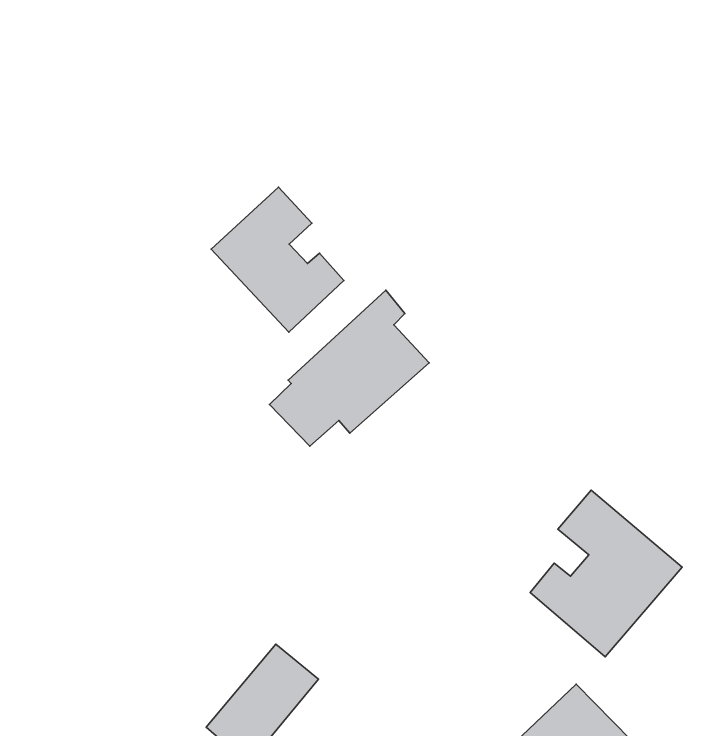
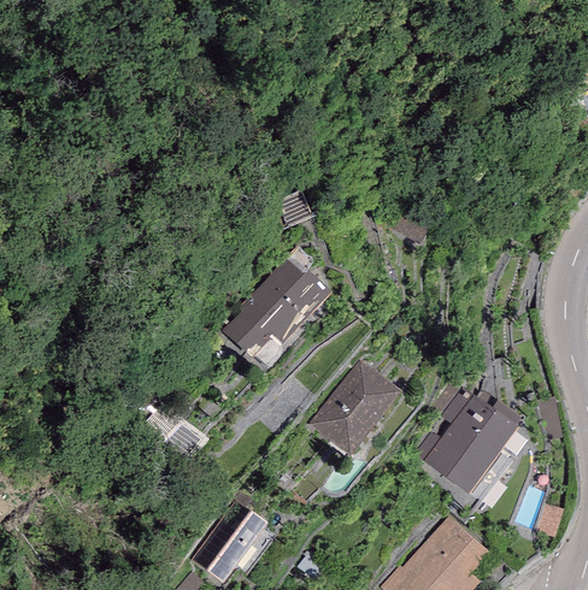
building: [211,187,344,332] -> none
building: none -> [308,359,401,456]

